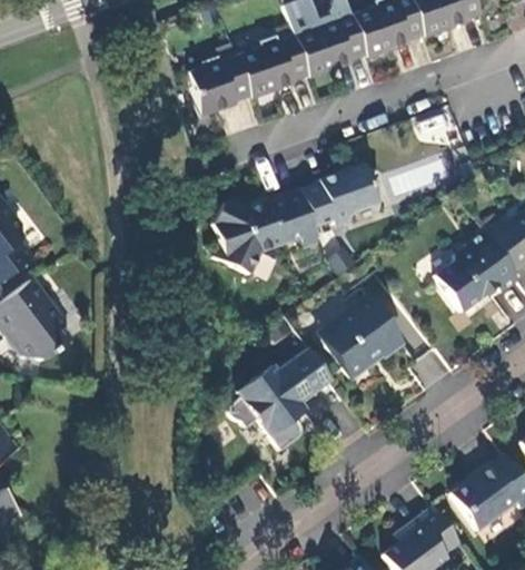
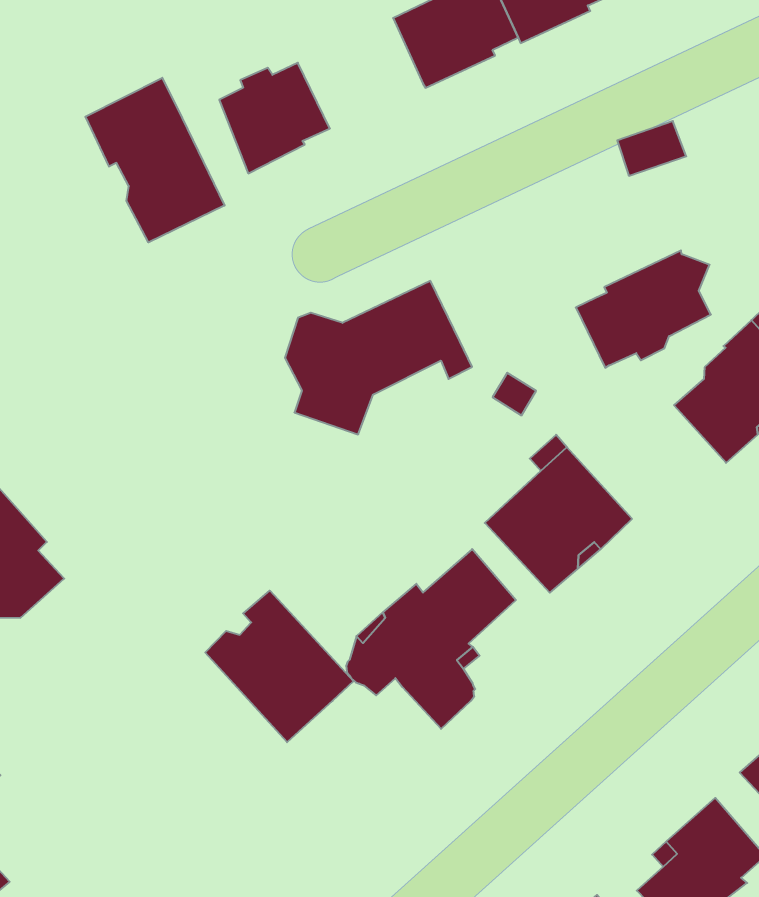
building: [238,35,309,97] -> none
building: none -> [85,78,225,242]
building: [301,163,382,226] -> [576,250,711,368]
building: none -> [205,591,354,742]

